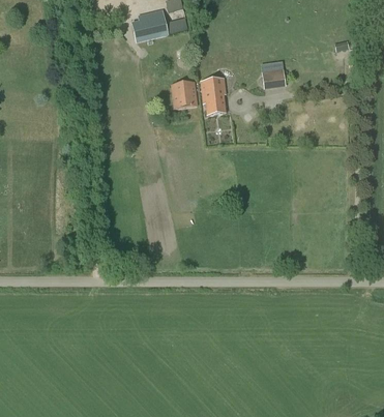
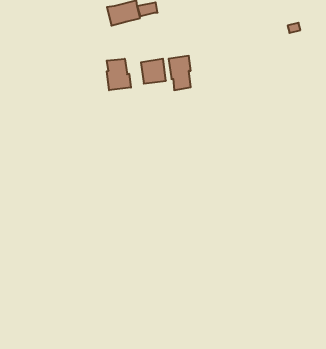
building: [262,67,286,88] -> none
building: none -> [107,59,131,90]

